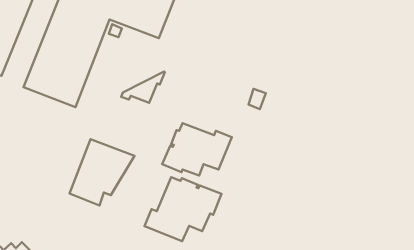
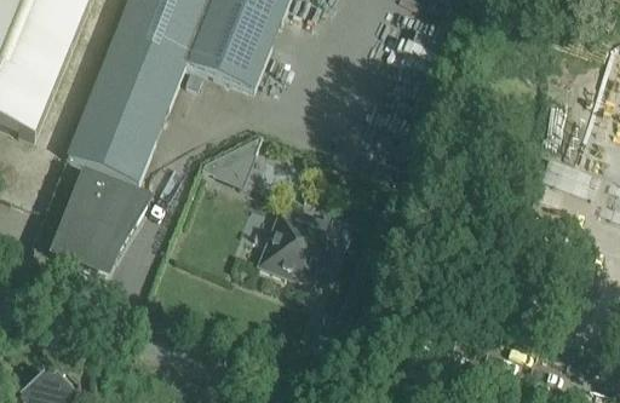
building: [70,139,135,206] -> [53,182,143,274]
building: [144,177,222,241] -> none

